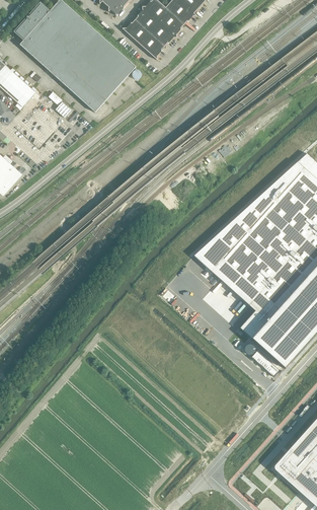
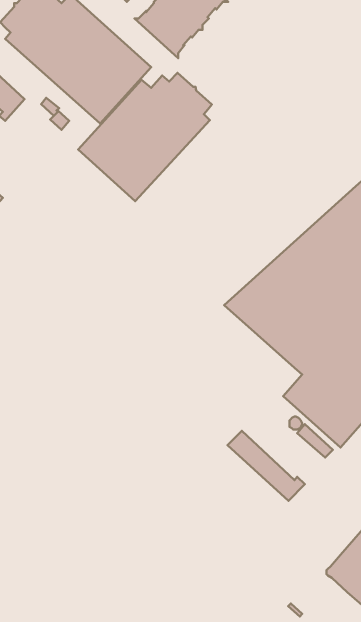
building: none -> [78,73,212,201]
building: none -> [228,431,305,501]

